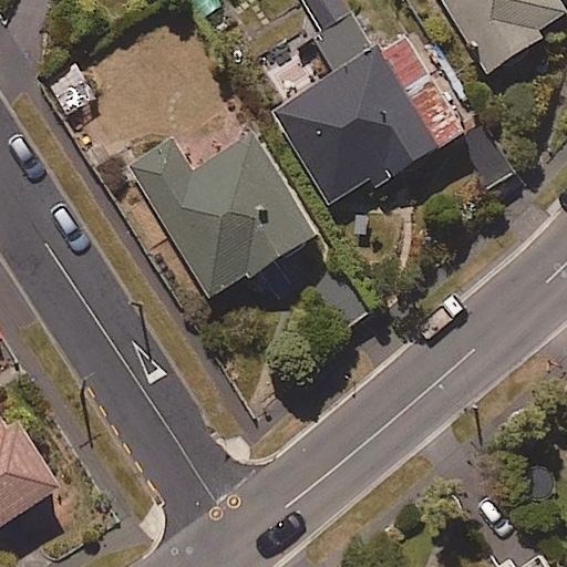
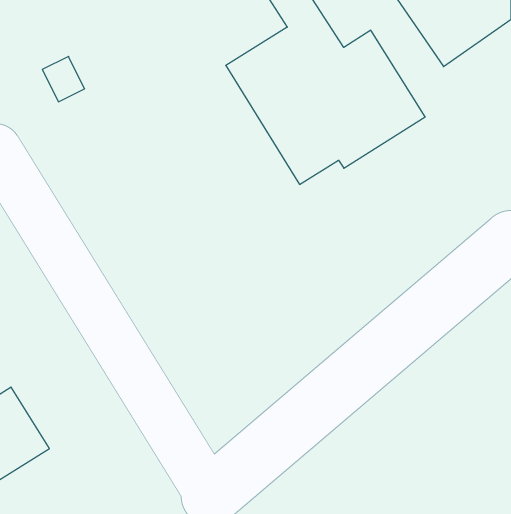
building: [126,130,319,300] -> none

